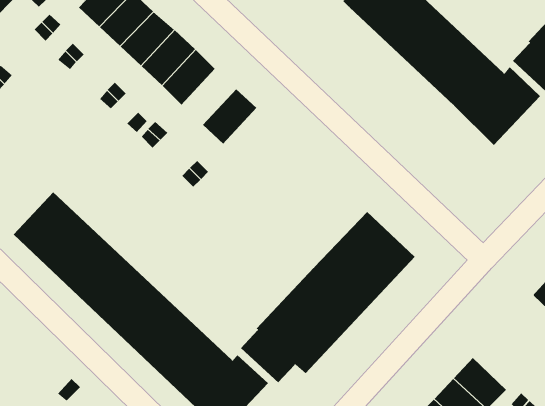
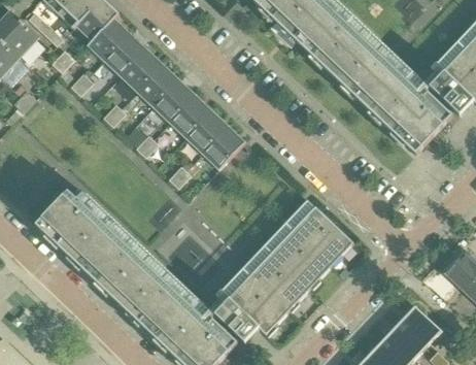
building: none -> [168,93,211,137]
building: none -> [201,124,245,169]
building: none -> [398,304,441,346]

